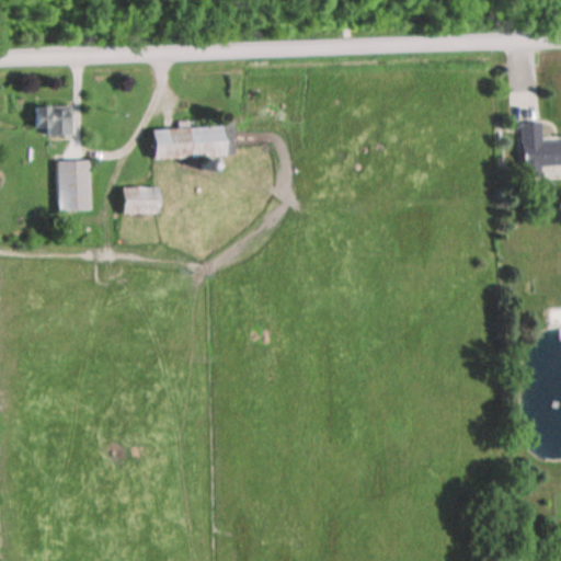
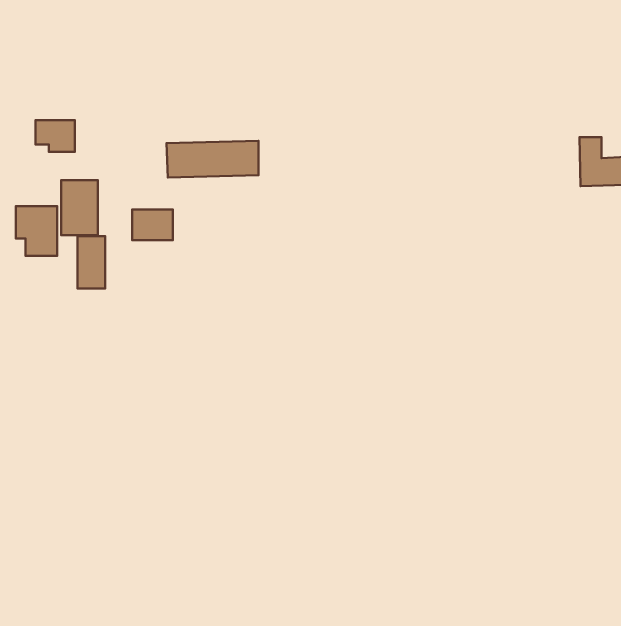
building: none -> [16,206,57,256]
building: none -> [77,236,105,288]

